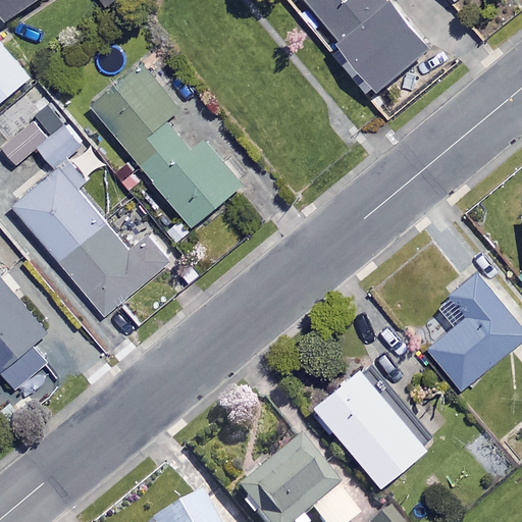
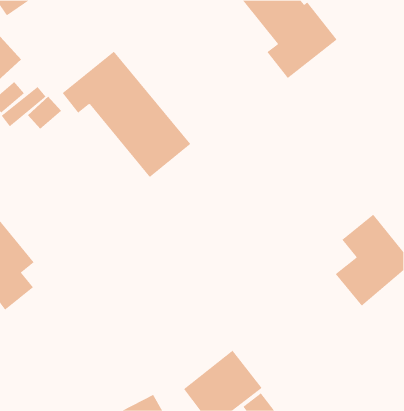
building: [13,162,168,315] -> none
building: [319,368,429,484] -> none

